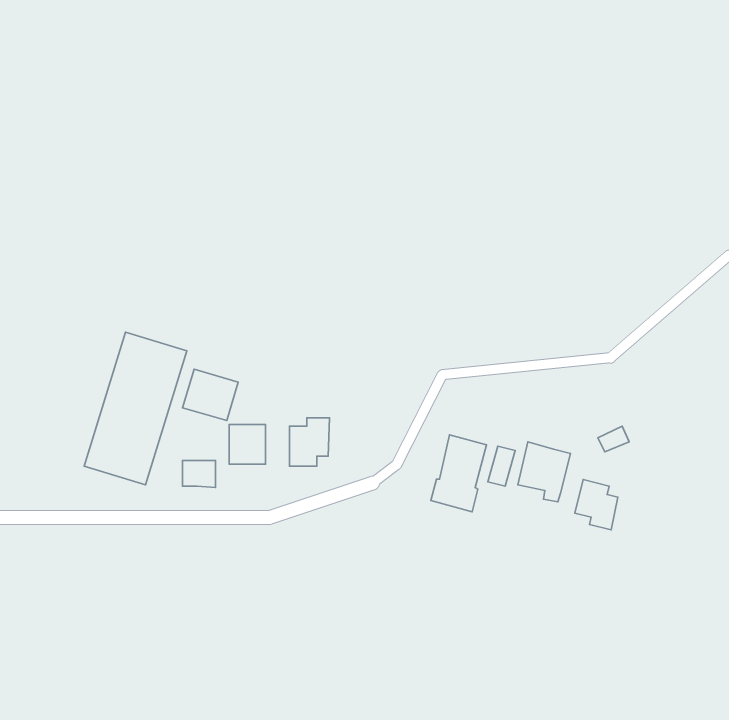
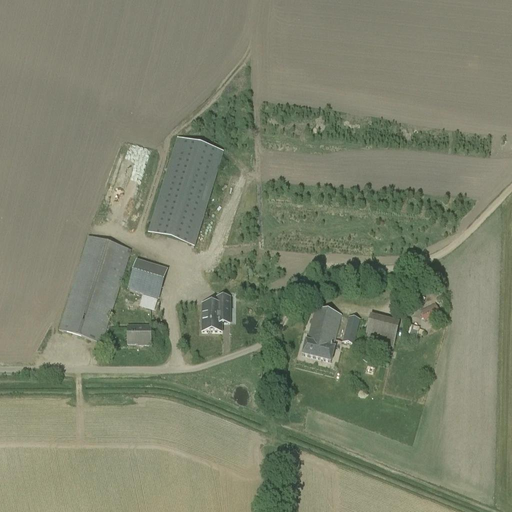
building: none -> [148,134,223,244]
building: [229,425,266,464] -> none
building: [575,480,618,530] -> none

